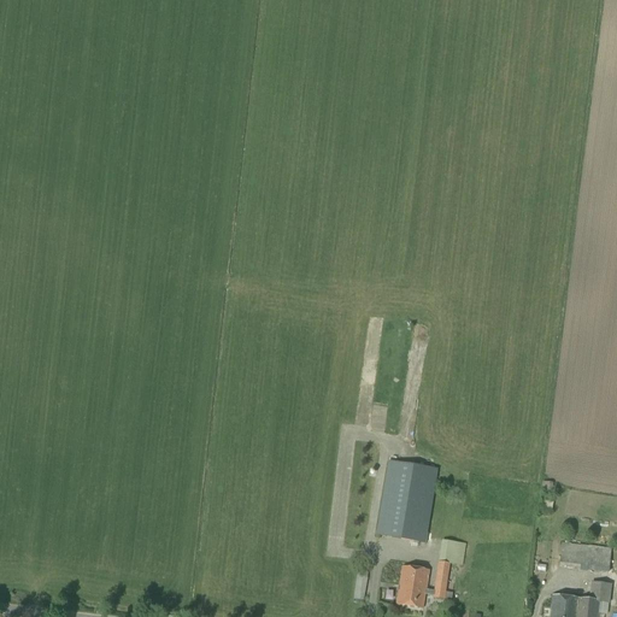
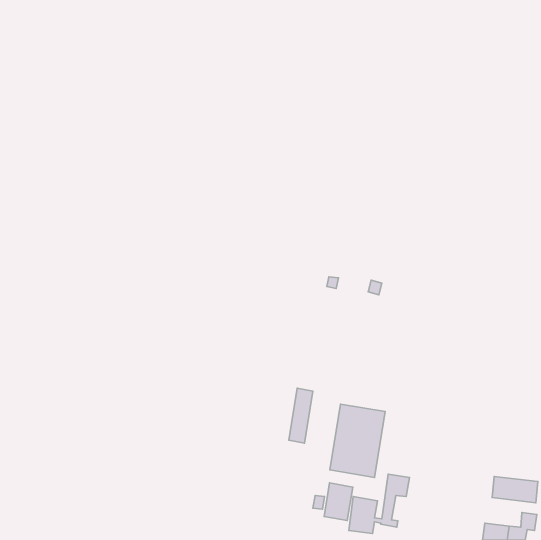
building: none -> [289,388,313,443]
building: none -> [324,483,353,520]

